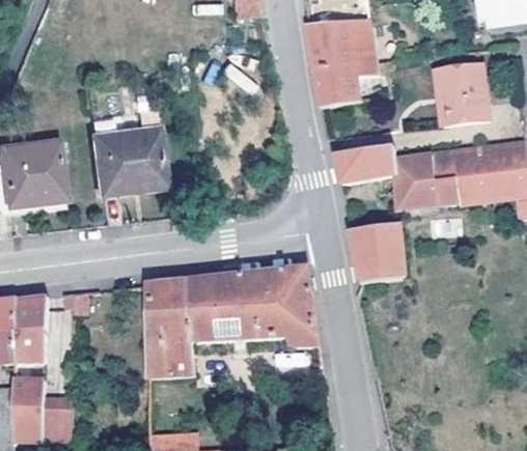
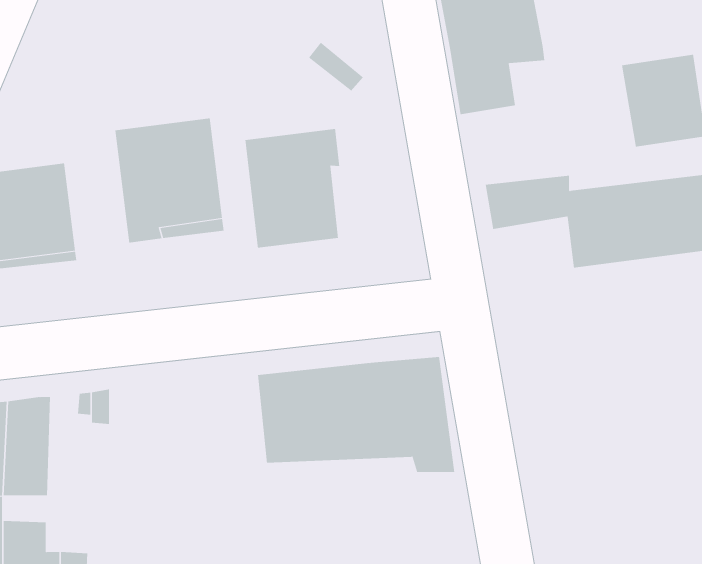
building: none -> [245,128,340,248]
building: [352,223,405,282] -> none
building: [148,280,194,374] -> none

